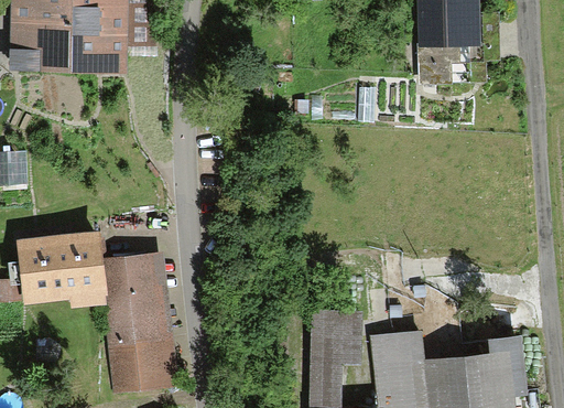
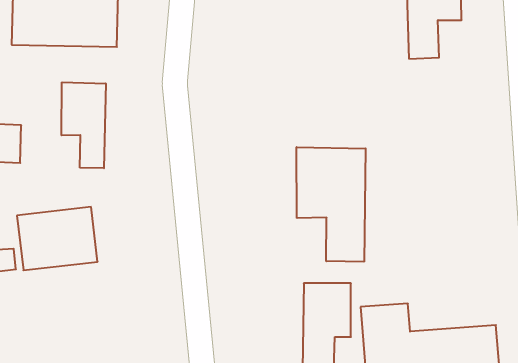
building: none -> [62,82,106,168]
building: none -> [297,147,366,262]
building: [106,254,171,389] -> none

